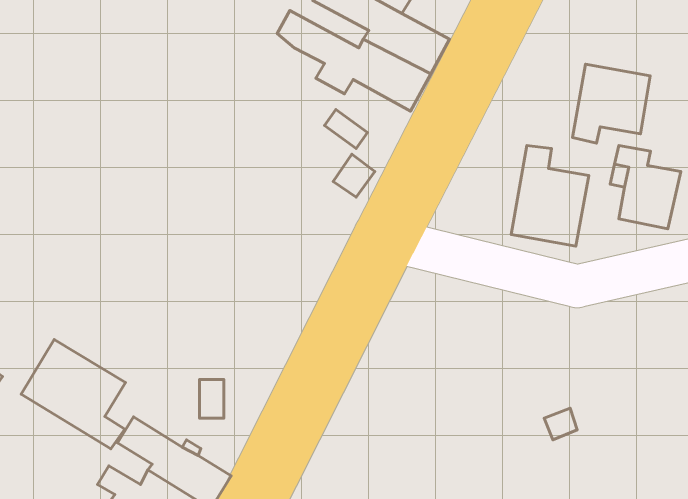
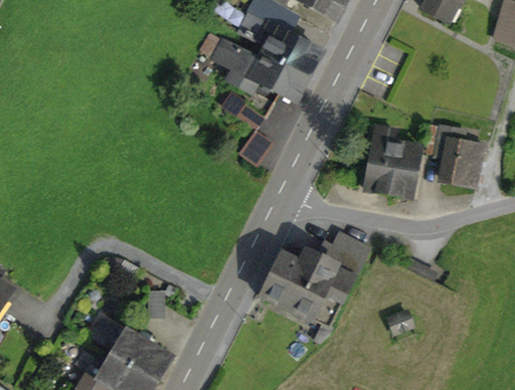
building: [572,64,650,143] -> none
building: none -> [261,234,367,342]
building: [21,339,126,449] -> none

